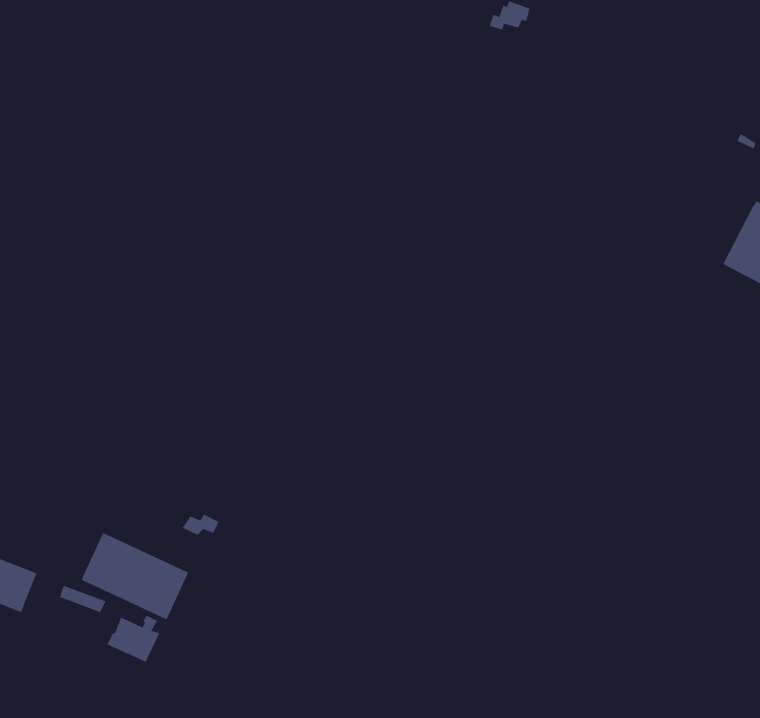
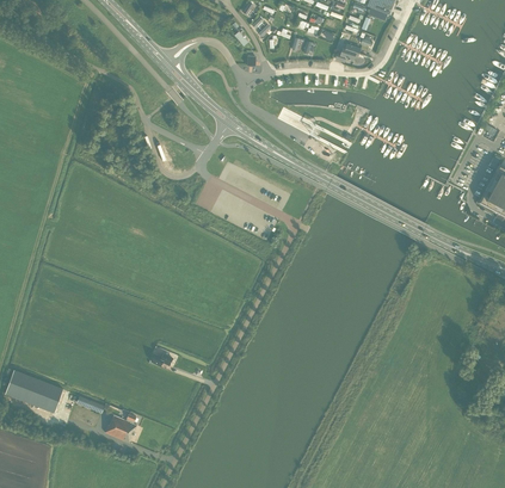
building: [81,532,189,620] -> none

